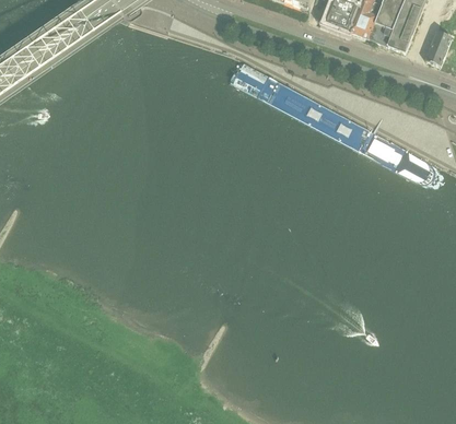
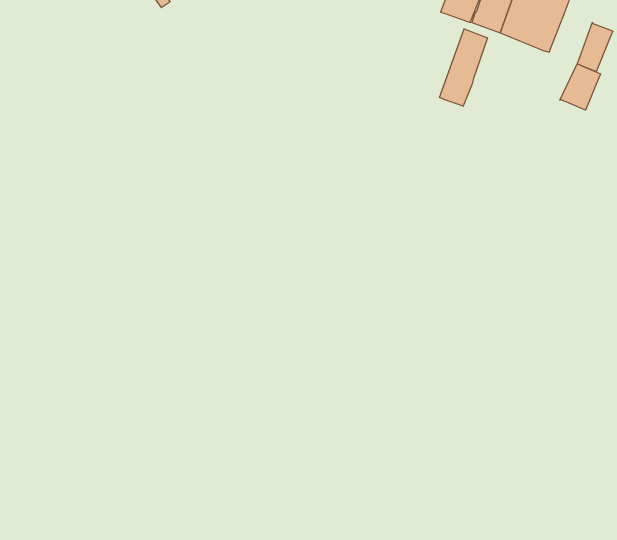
building: none -> [440,29,487,106]
building: none -> [560,64,600,110]

